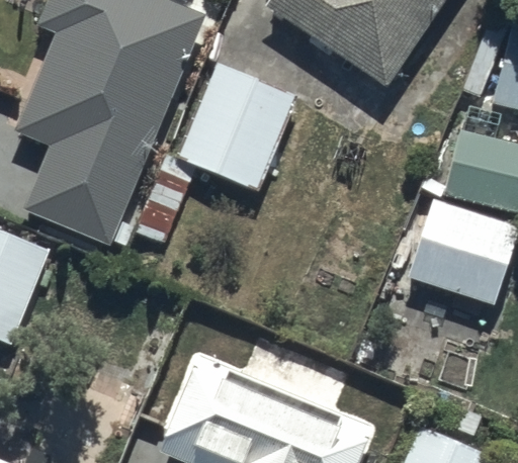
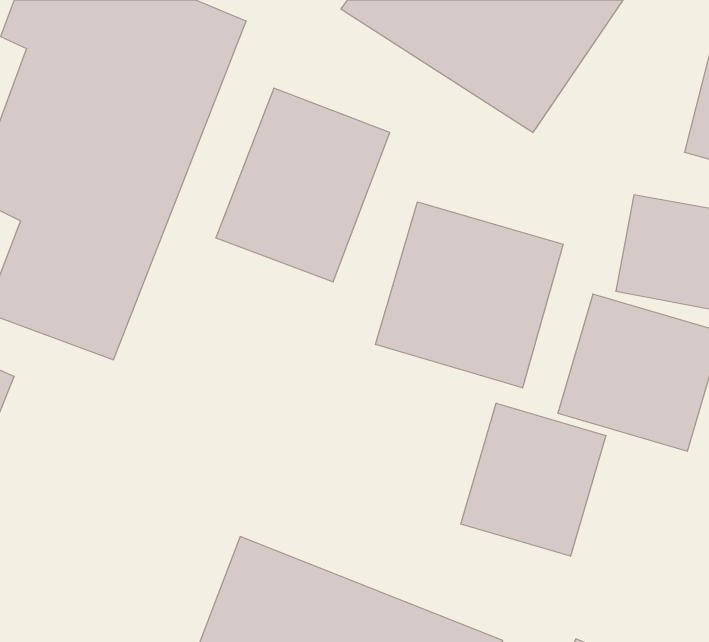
building: none -> [376,202,563,388]
building: none -> [461,403,606,556]

